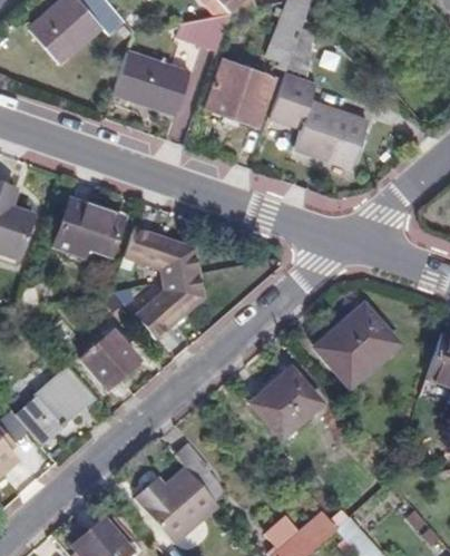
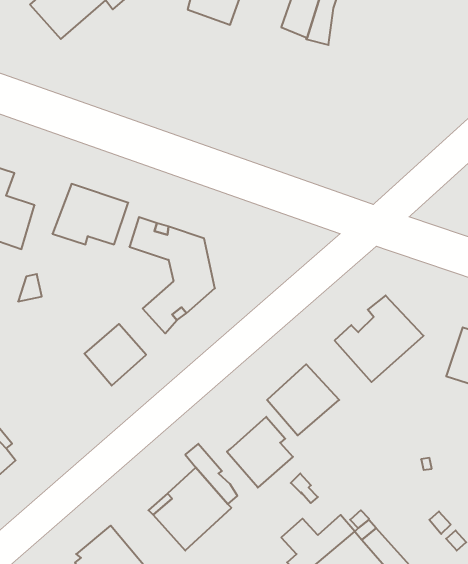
building: [116,51,189,111] -> none
building: [207,58,277,124] -> none
building: [270,78,368,164] -> none
building: [12,364,96,446] -> none
building: none -> [227,417,293,488]

